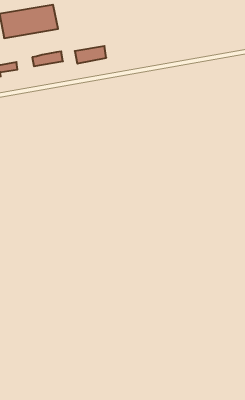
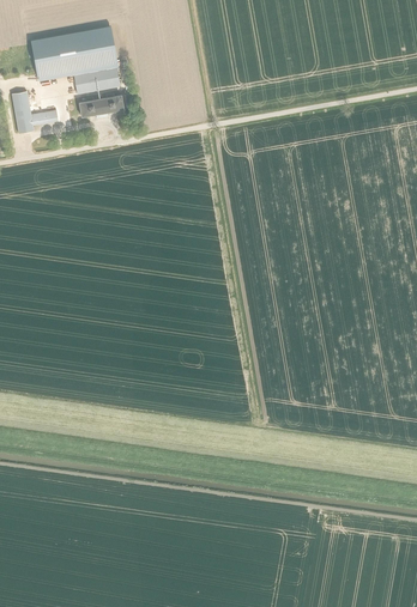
building: [75,46,106,64] -> [73,68,119,93]

